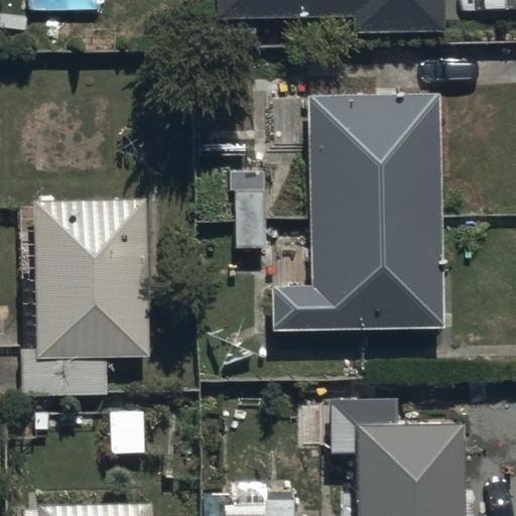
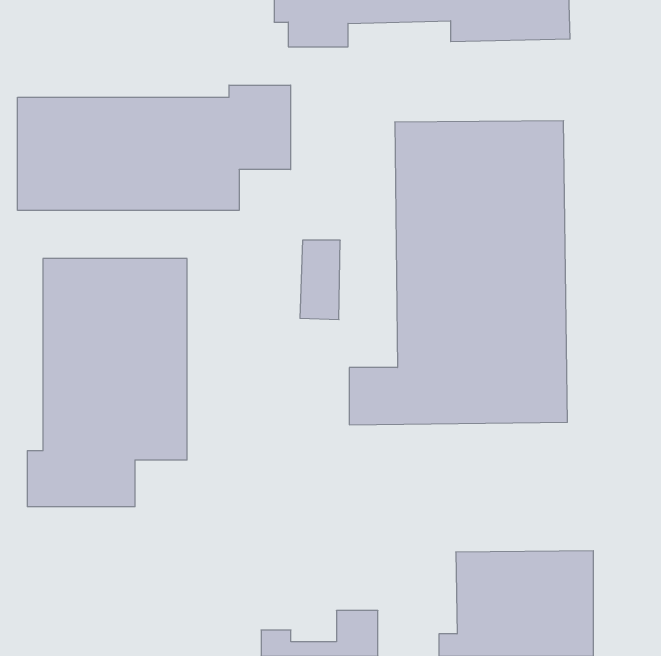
building: none -> [18,85,291,210]

